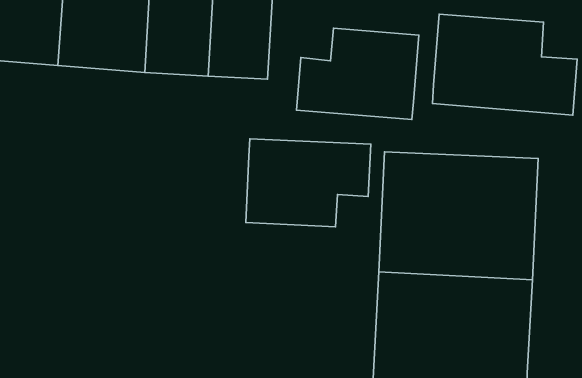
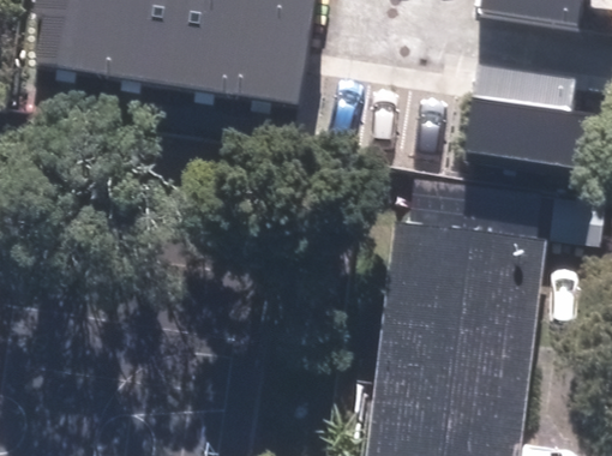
building: [297,28,419,119] -> none
building: [246,139,371,227] -> none

